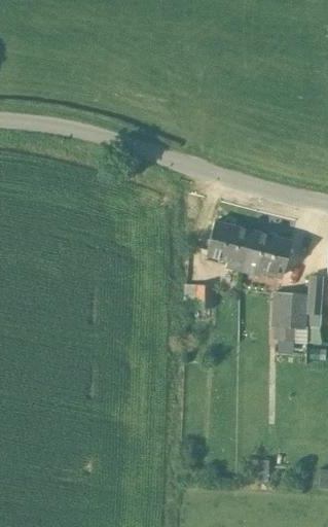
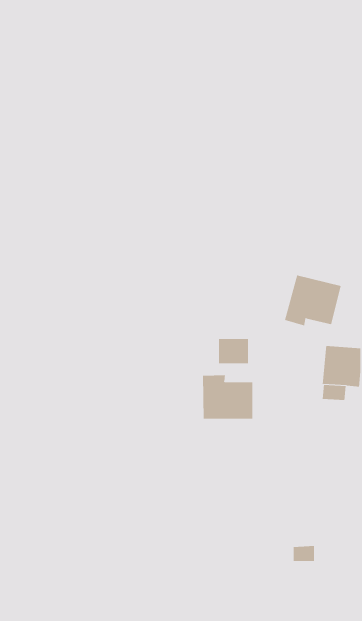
building: [207,222,253,271] -> none
building: none -> [202,374,253,420]

